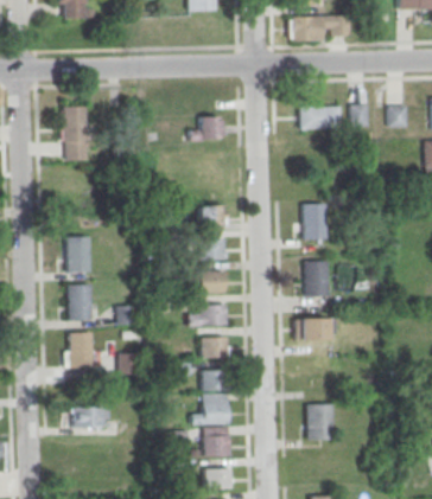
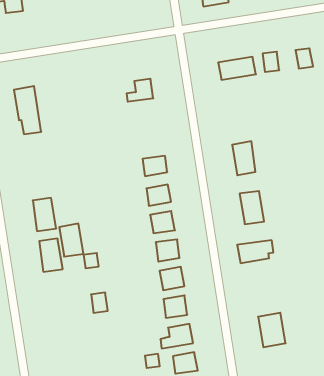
building: [69,332,93,367] -> [59,224,84,257]
building: [71,407,104,428] -> none

